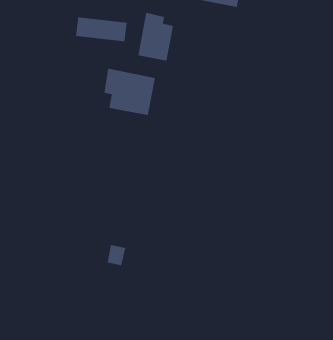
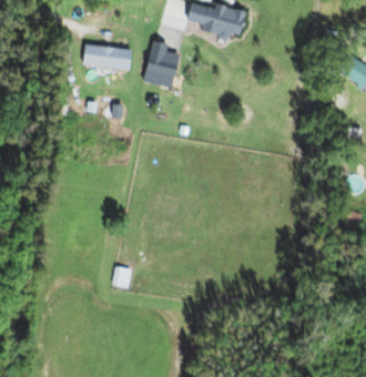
building: [104,68,155,116] -> none

